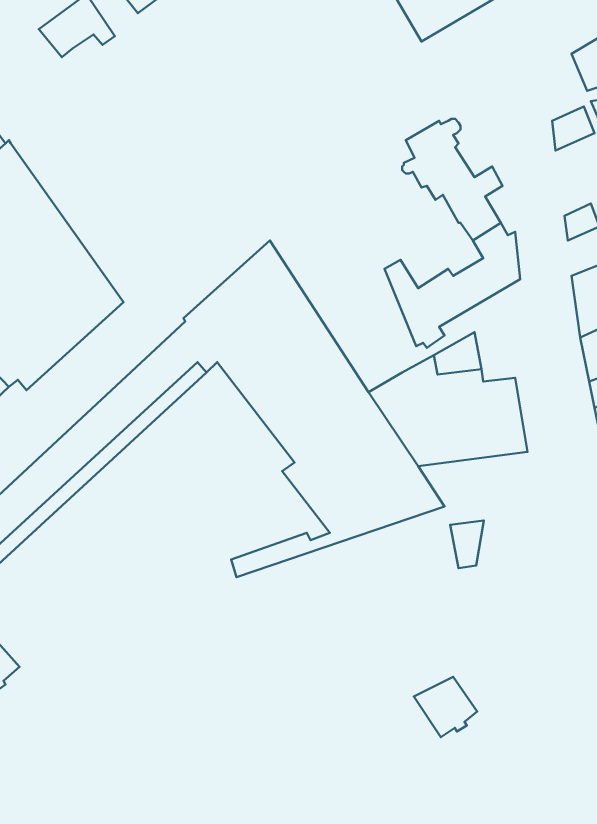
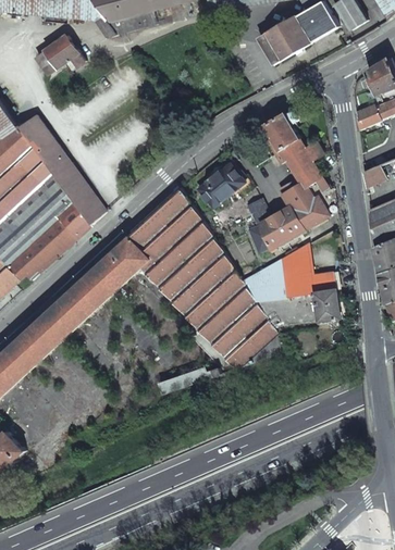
building: none -> [20,116,103,225]
building: none -> [198,163,244,205]
building: none -> [279,176,311,209]
building: [450,521,484,568] -> none
building: [414,677,477,737] -> none

